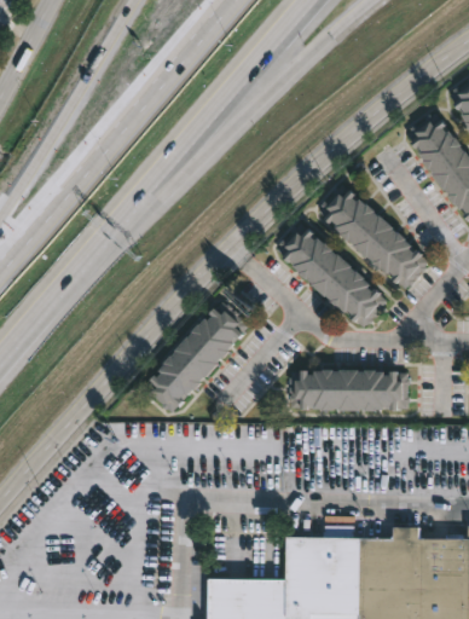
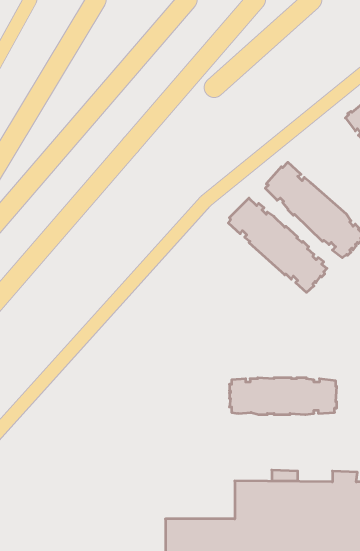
building: [145,303,248,415] -> none
building: [289,371,409,412] -> [229,378,337,415]

